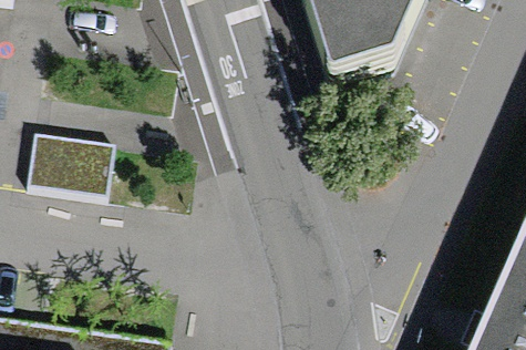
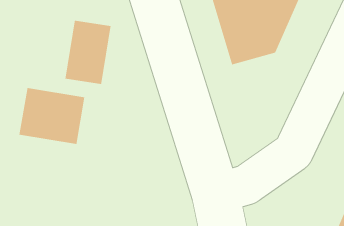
building: none -> [65,20,111,85]

